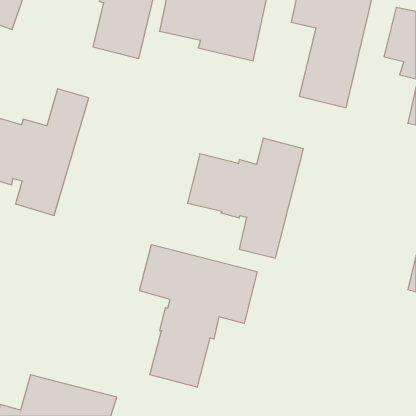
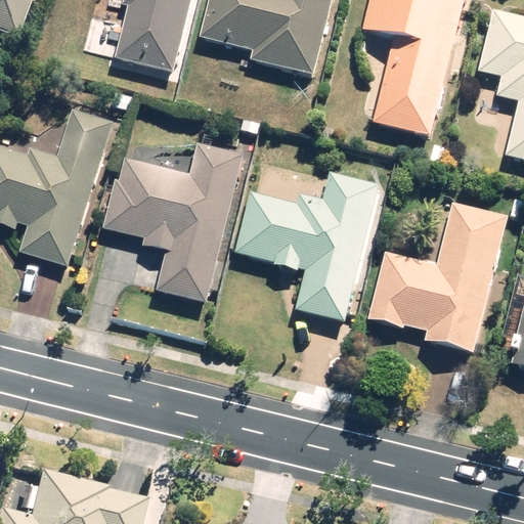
building: none -> [104,141,237,302]
building: none -> [369,202,507,351]
building: [140,245,257,387] -> none

